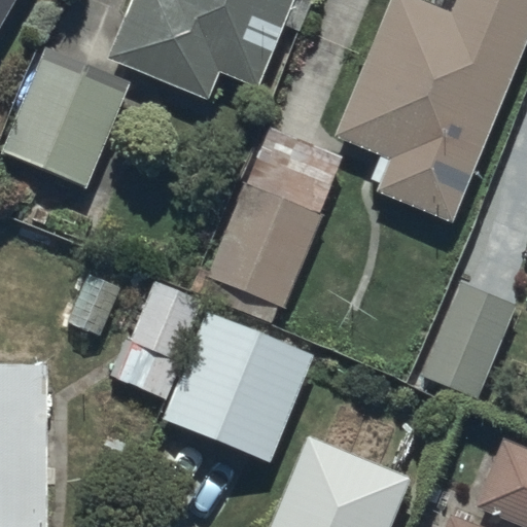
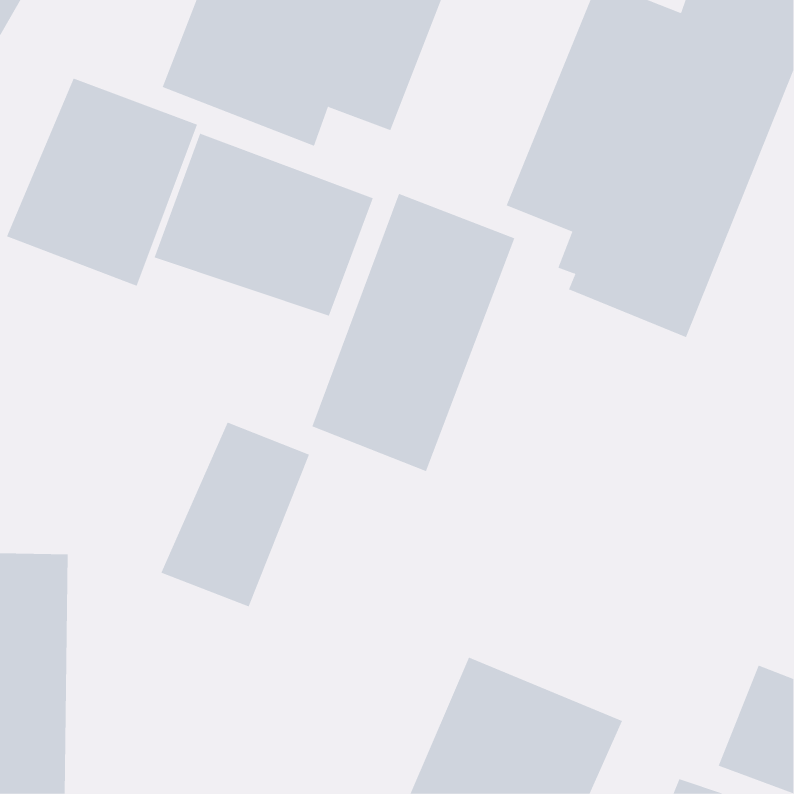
building: none -> [154,133,374,316]
building: [424,282,516,396] -> none
building: [167,311,316,460] -> none

